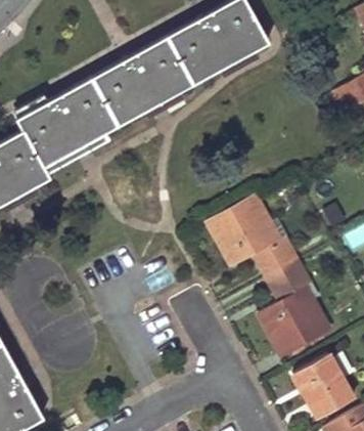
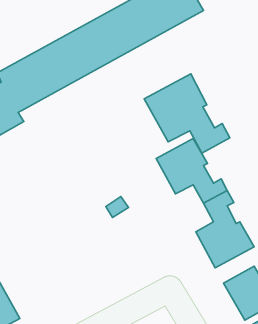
building: none -> [144,74,230,153]

